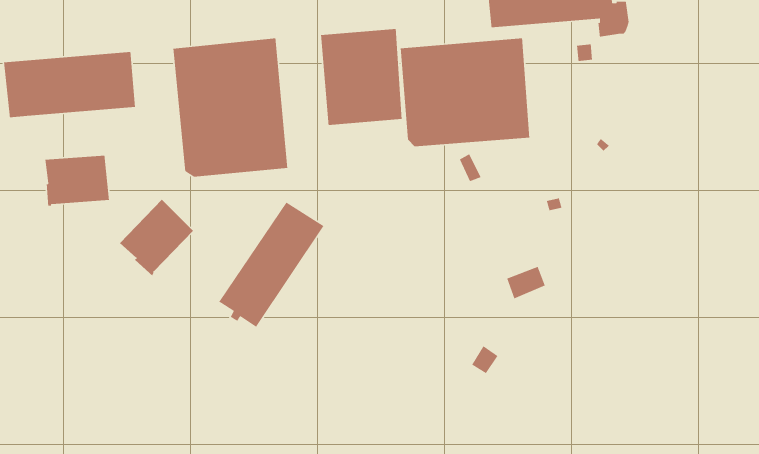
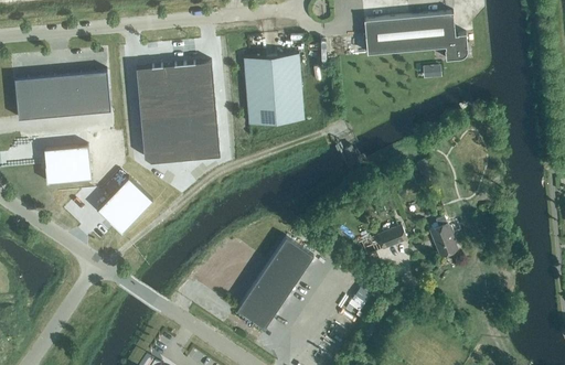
building: [400,38,530,147] -> none
building: [216,202,324,330] -> [235,239,313,332]
building: none -> [430,218,458,259]

